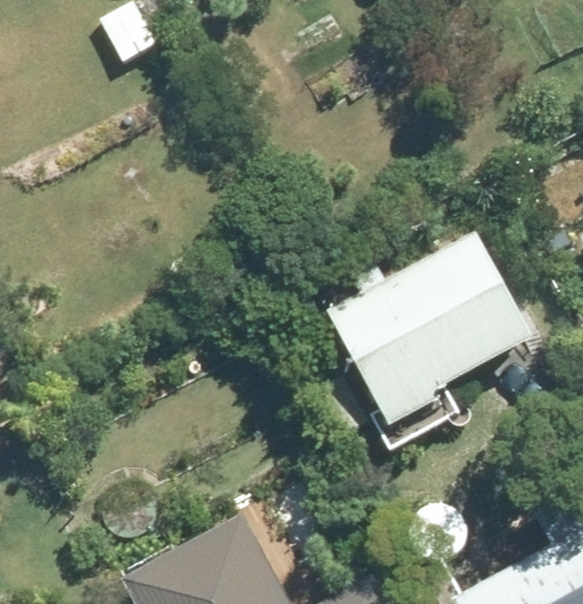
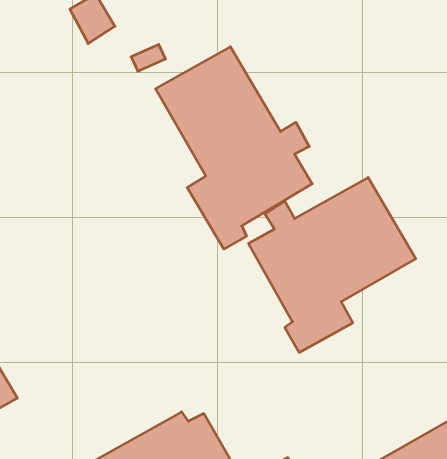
building: none -> [156,47,312,249]

